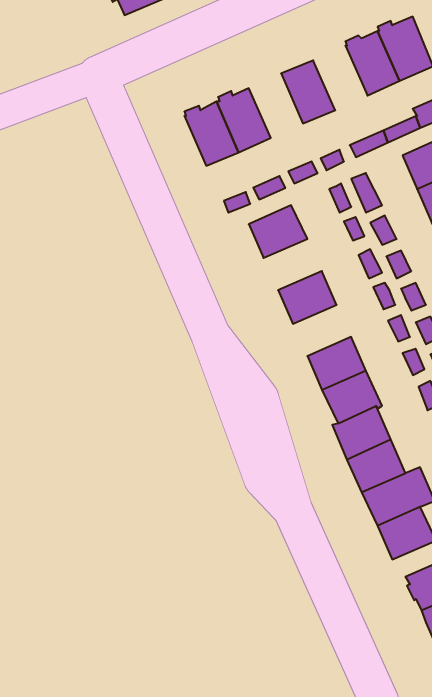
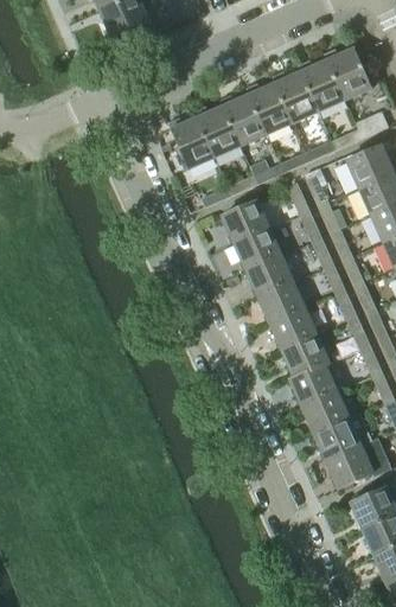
building: none -> [274,71,318,123]
building: none -> [222,94,266,146]
building: none -> [234,228,281,269]
building: none -> [257,281,305,322]

